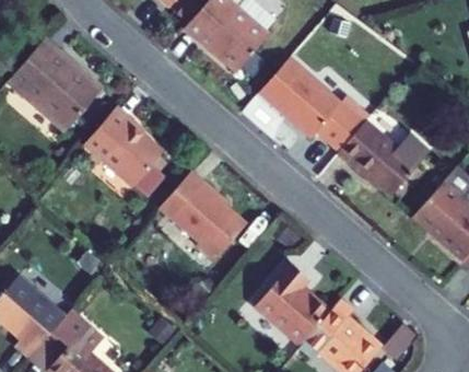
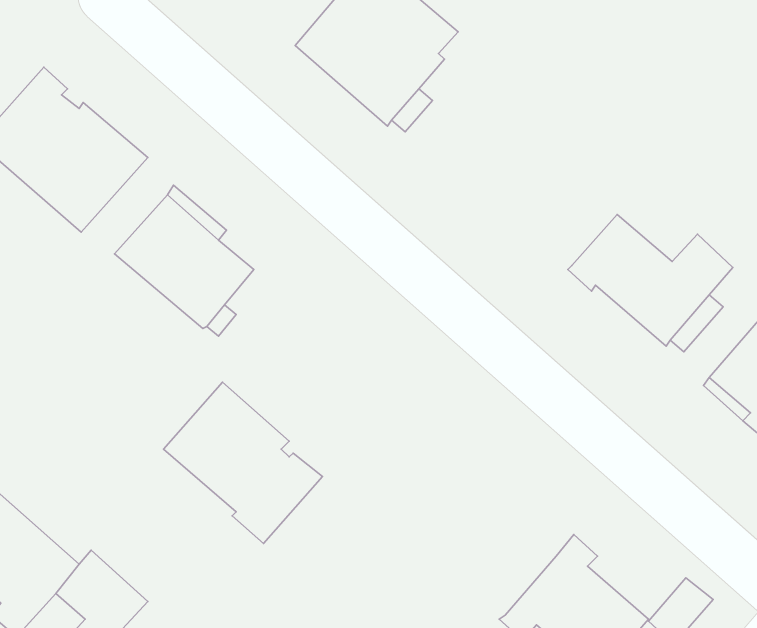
building: [259,58,368,150] -> none
building: [159,171,247,260] -> [164,382,322,543]
building: [256,264,330,345] -> none

